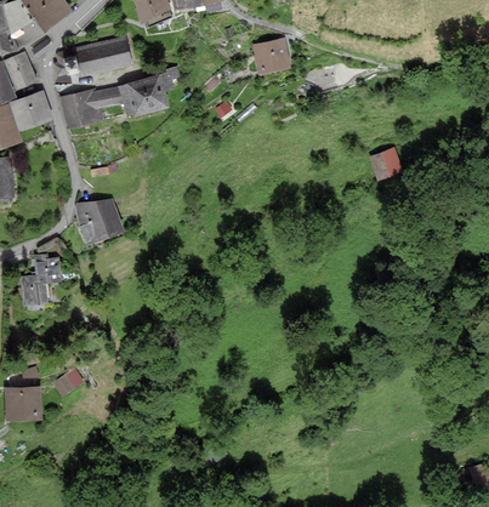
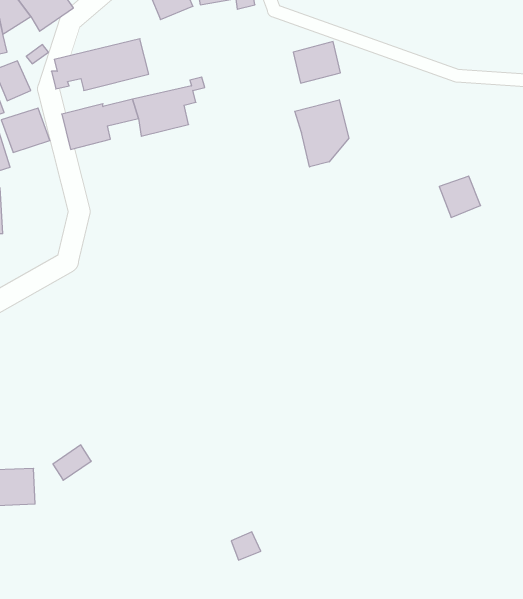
building: none -> [295,100,349,167]
building: [78,199,121,239] -> none
building: [22,255,59,303] -> none

